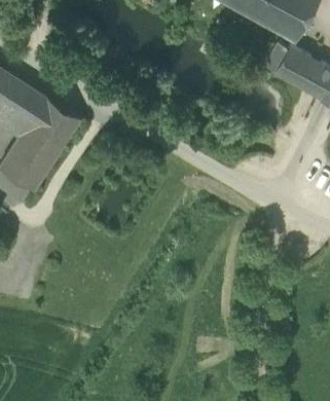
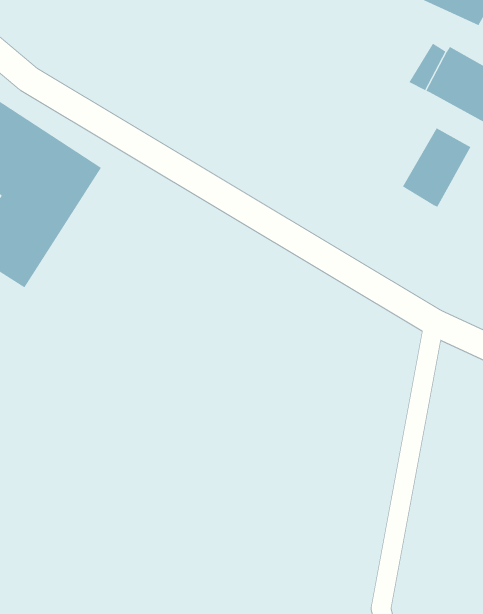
building: none -> [402,127,471,208]

